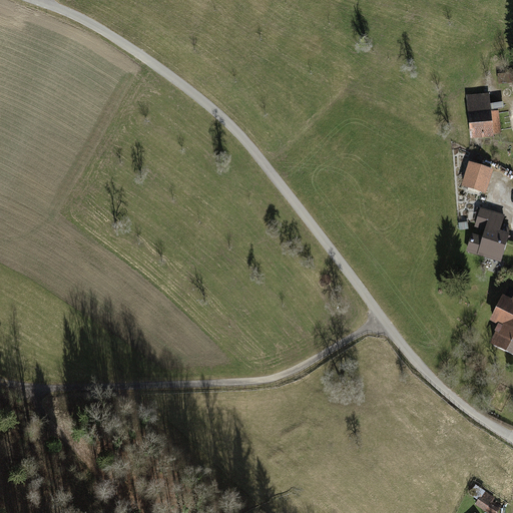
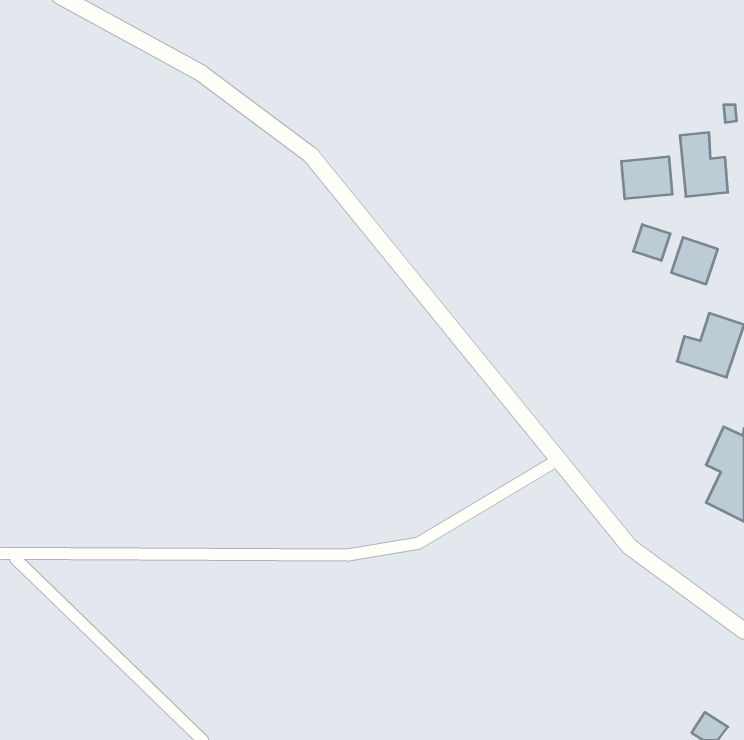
building: none -> [621,157,672,199]
building: none -> [633,224,670,261]

